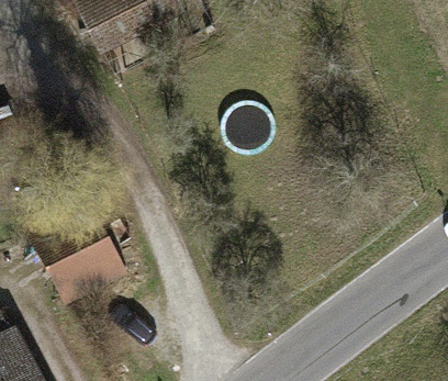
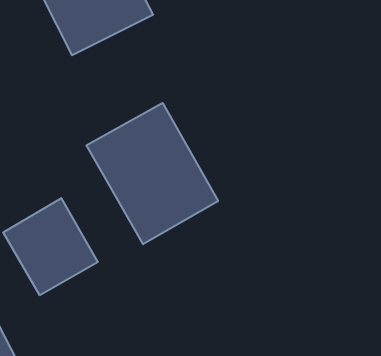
building: none -> [86,103,218,244]

